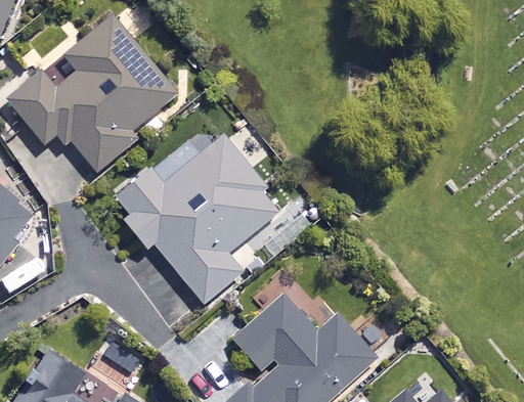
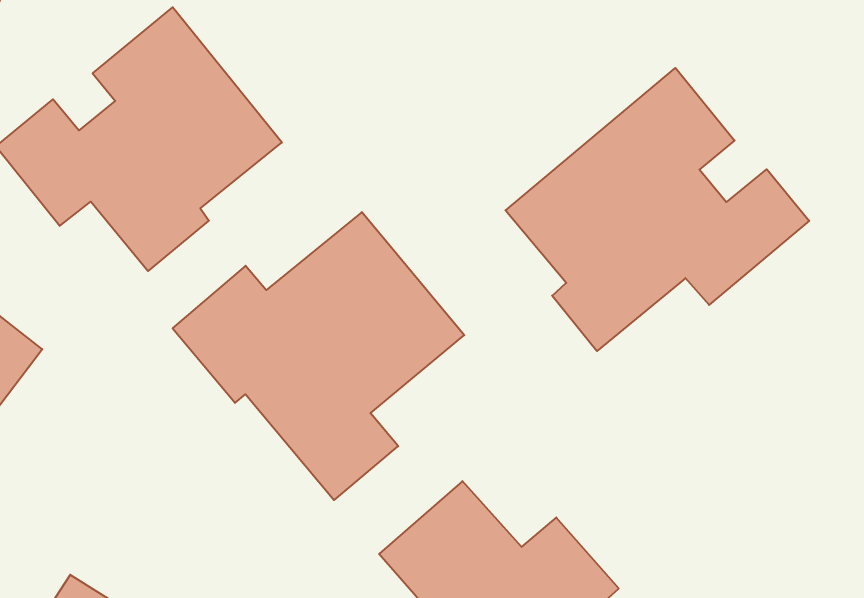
building: none -> [505,68,809,351]

